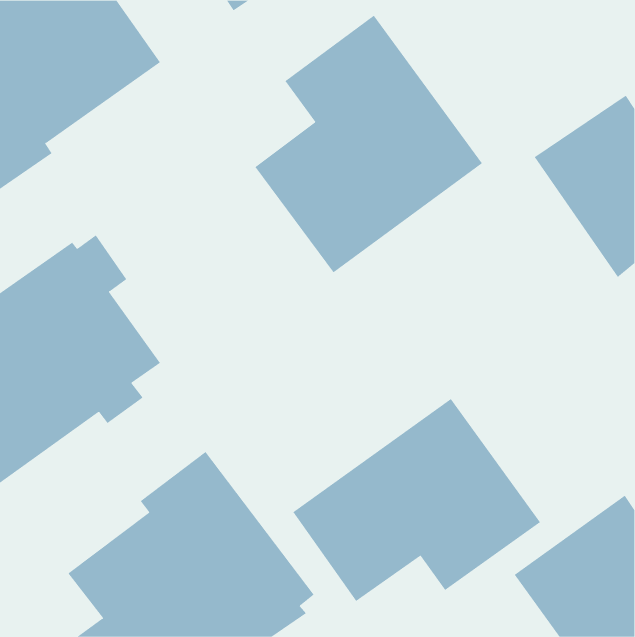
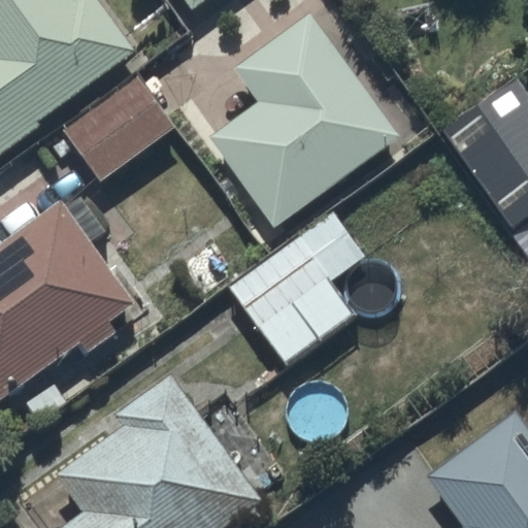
building: none -> [64,76,174,180]
building: none -> [230,212,364,362]
building: [292,398,541,602] -> none

